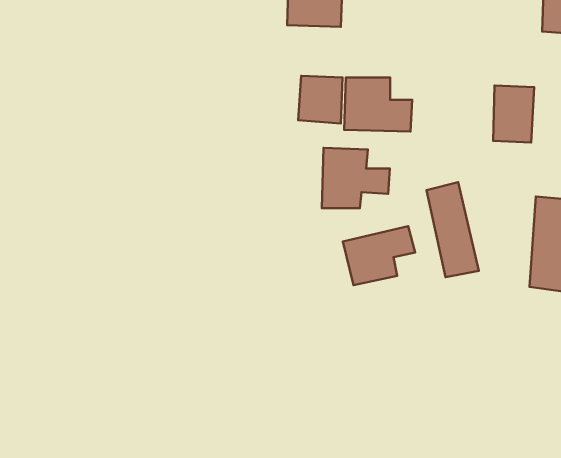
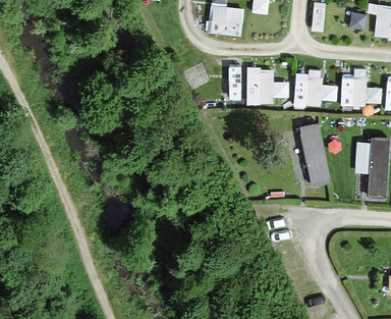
building: [322,148,390,208] -> [294,69,338,108]
building: [343,226,415,285] -> none

